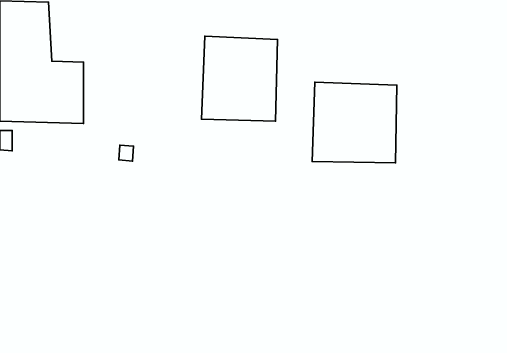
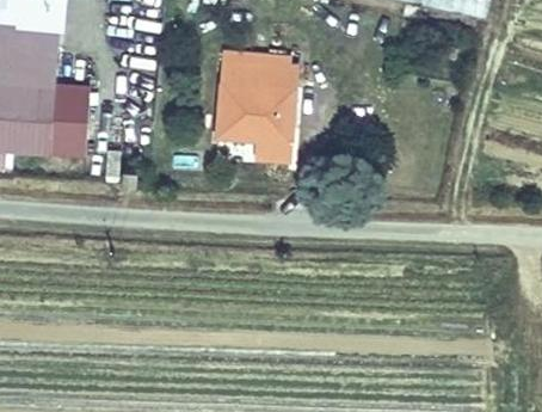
building: [312,82,397,163] -> none

